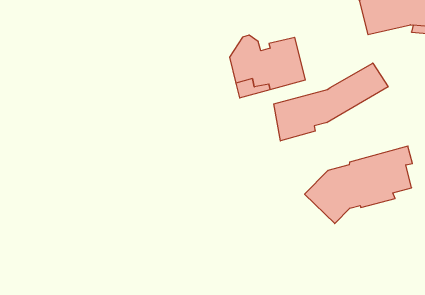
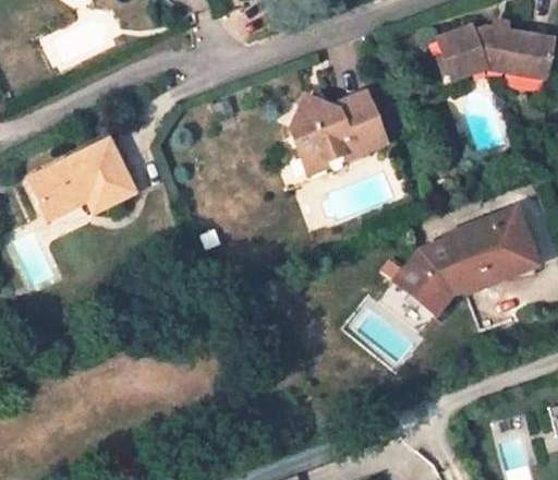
building: none -> [28,143,132,219]
building: [274,63,388,141] -> none

